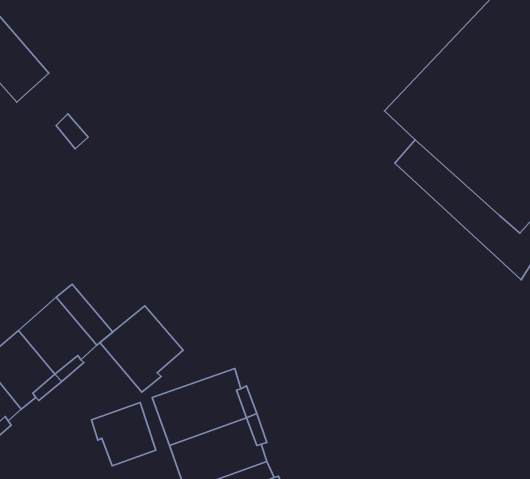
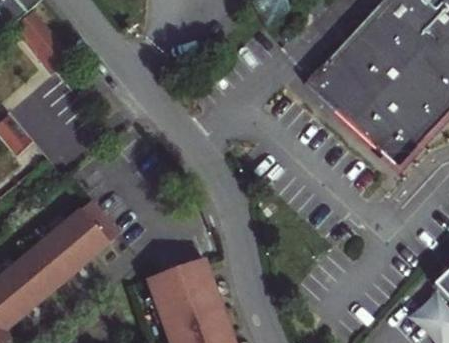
building: [100,306,183,392] -> none
building: [91,403,156,466] -> none

